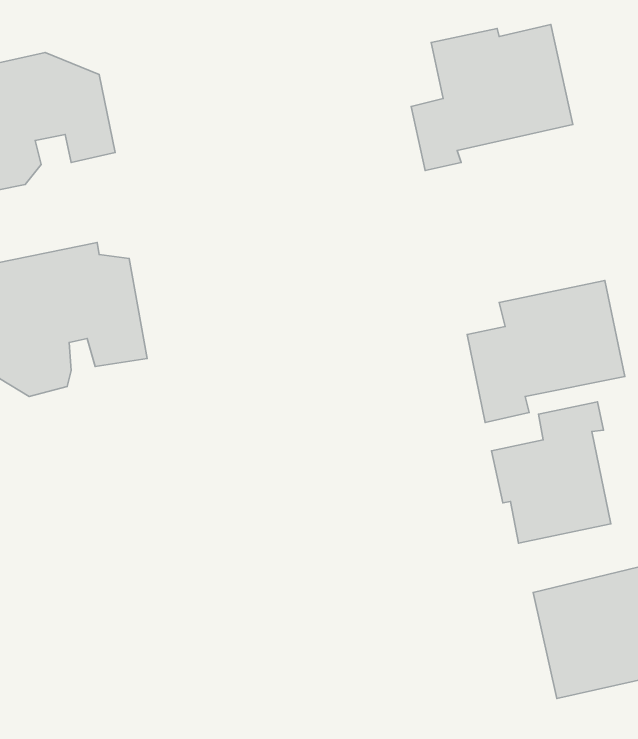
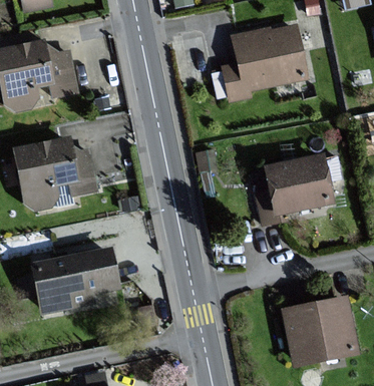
building: [492,402,611,543] -> none
building: none -> [32,247,119,312]

